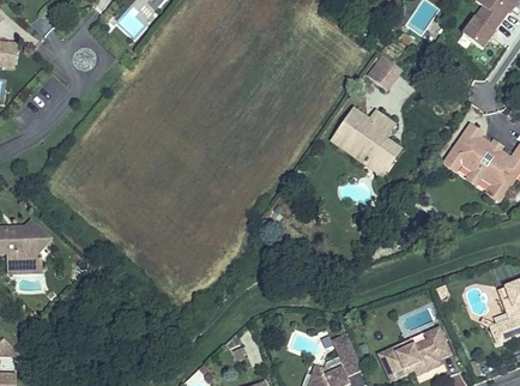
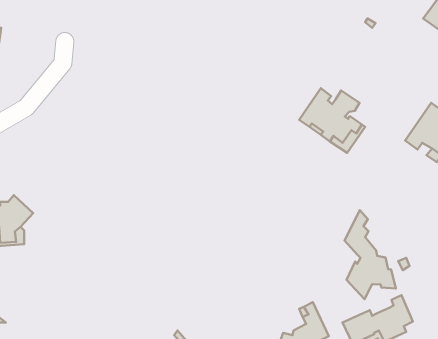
building: [368,55,401,89] -> none
building: none -> [345,210,396,299]

